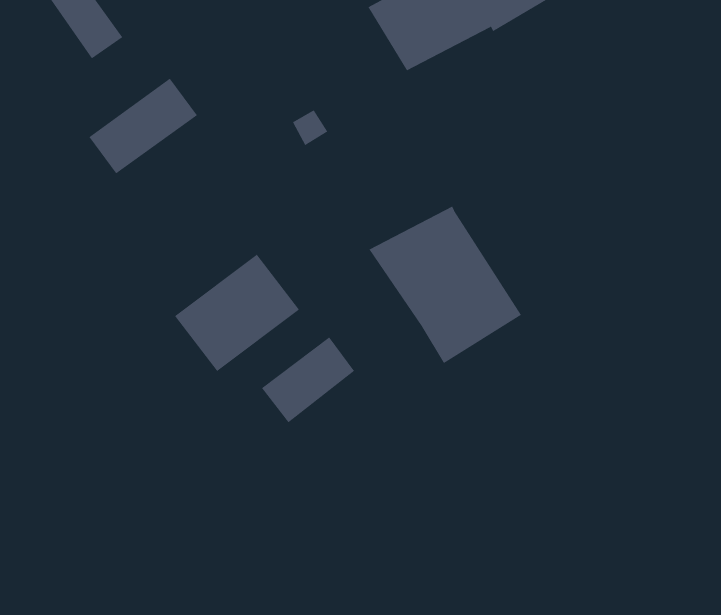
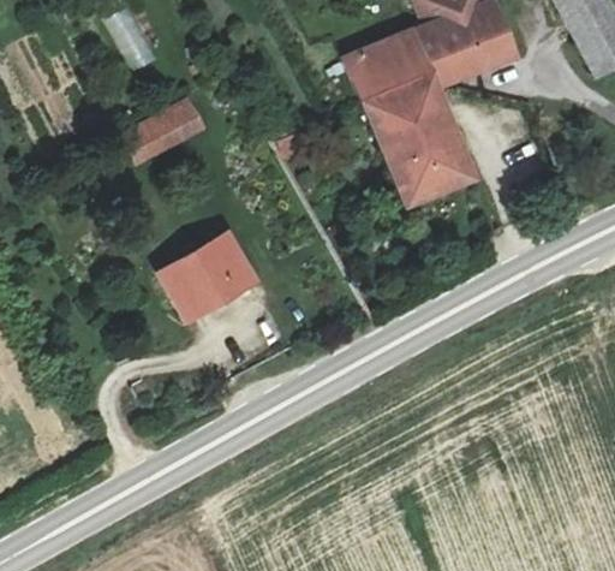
building: [369,206,522,364] -> [368,90,477,209]
building: [261,337,355,423] -> none

